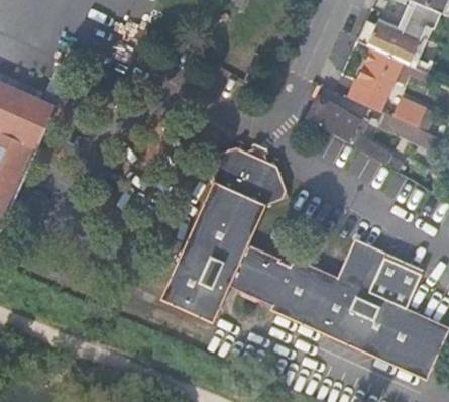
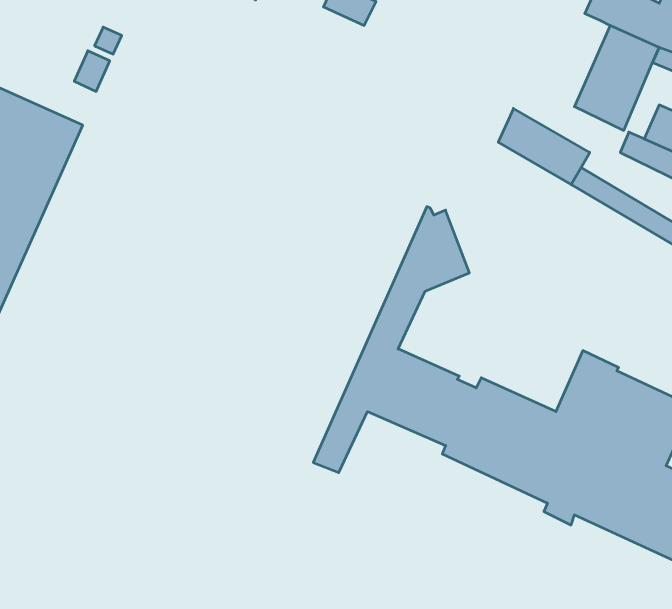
building: [161,146,261,309] -> none

